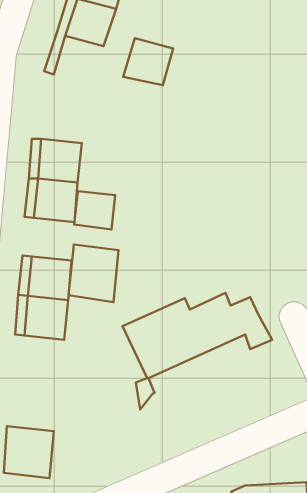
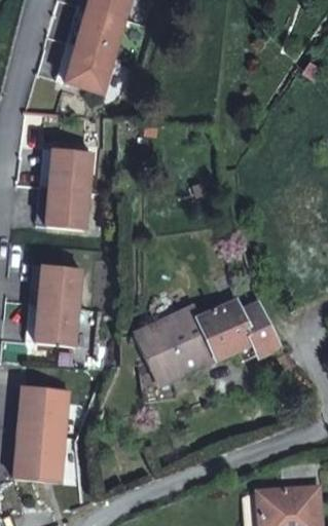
building: [123,38,173,85] -> [66,46,115,92]
building: [74,191,115,229] -> none
building: [69,245,119,302] -> none
building: none -> [20,385,71,437]

